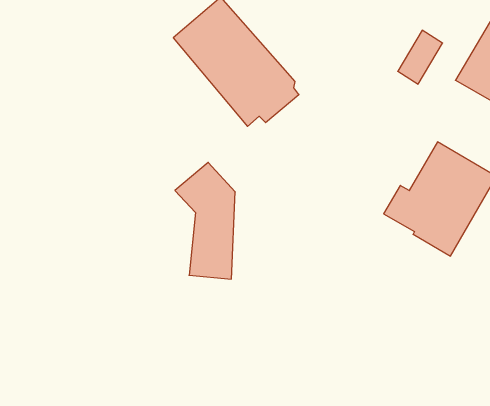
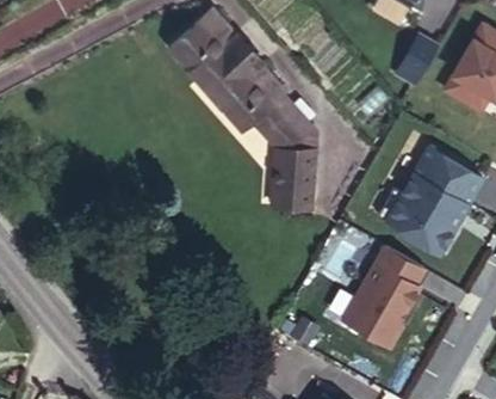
building: [175,162,235,279] -> [265,105,321,214]
building: none -> [337,246,422,350]

